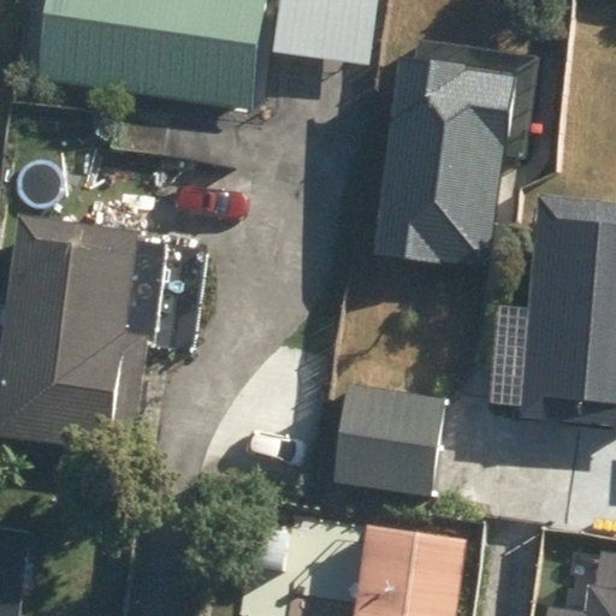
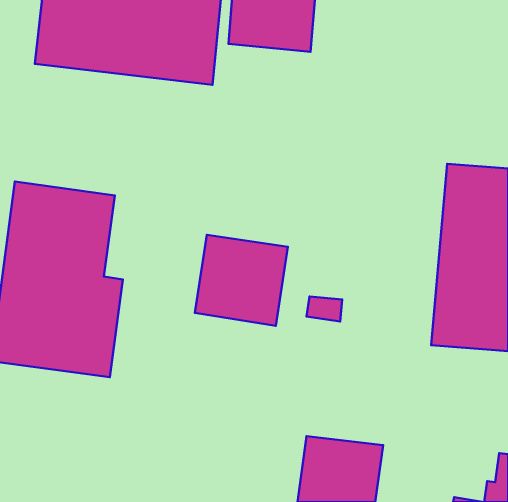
building: [377,60,515,261] -> none
building: [331,385,443,494] -> [195,235,288,326]

